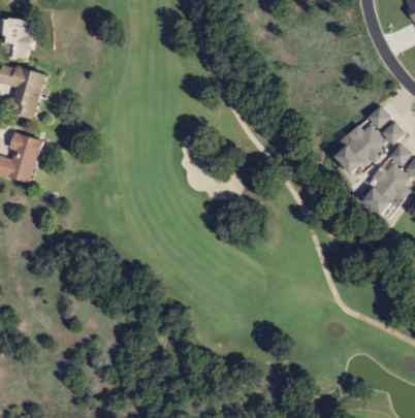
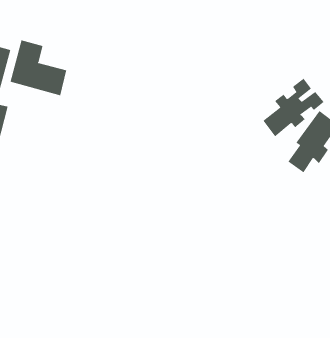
building: none -> [10,39,67,96]

